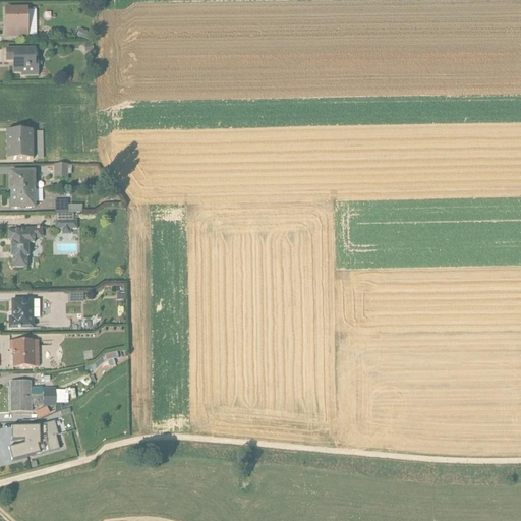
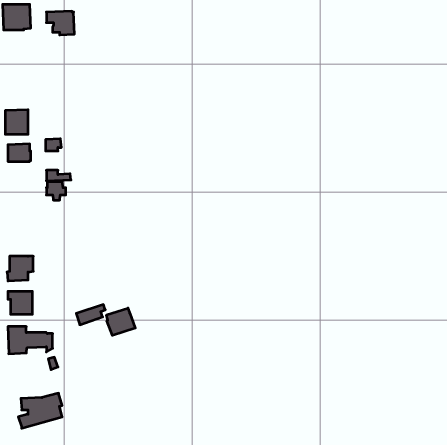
building: [6,46,39,73] -> [46,11,74,35]
building: [10,187,43,207] -> none
building: [7,225,43,266] -> none
building: none -> [107,308,135,335]
building: [8,418,59,459] -> [18,393,62,428]

